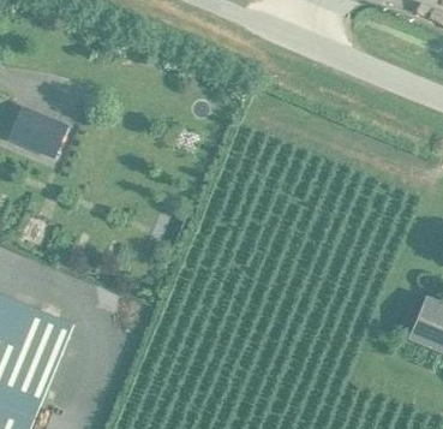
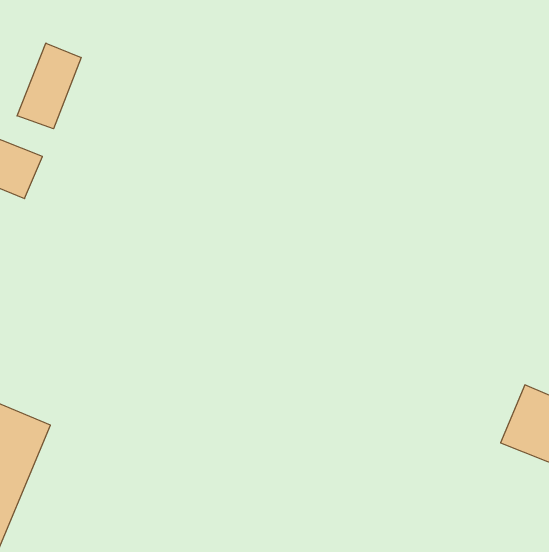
building: none -> [17,43,81,129]

